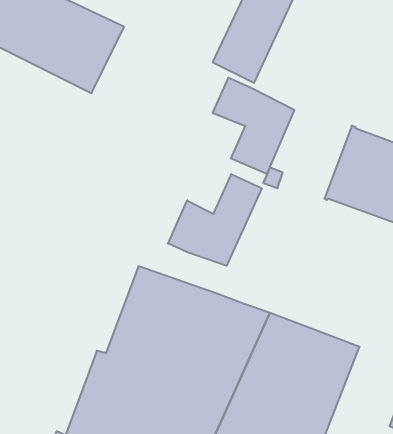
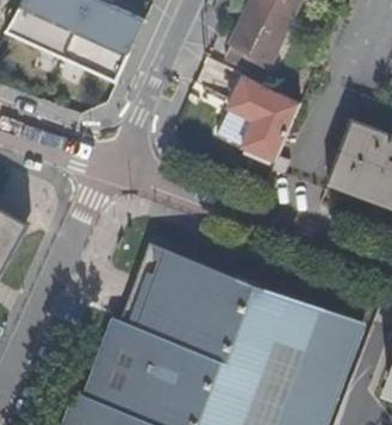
building: [168,174,262,266] -> none

